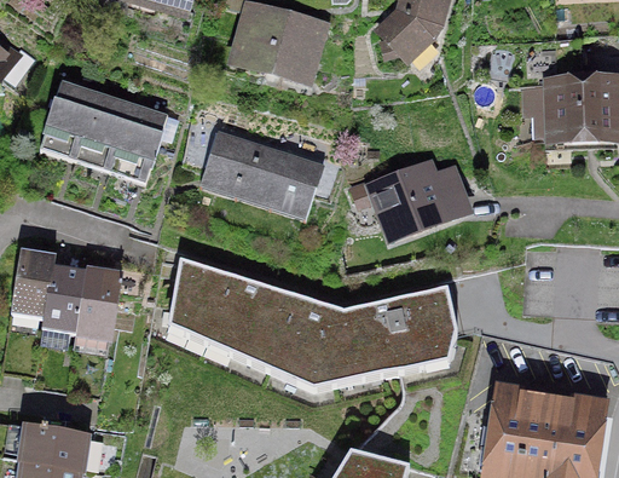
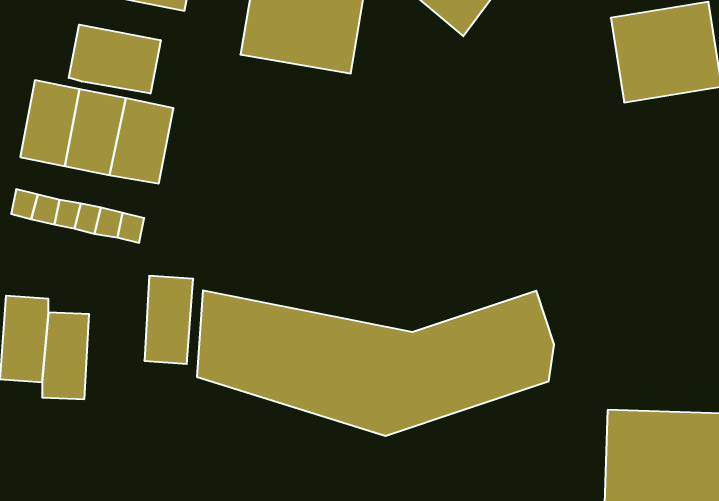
building: none -> [69,25,161,94]
building: [199,137,334,226] -> none
building: [364,149,474,237] -> none
building: [76,266,122,340] -> [144,276,193,364]

